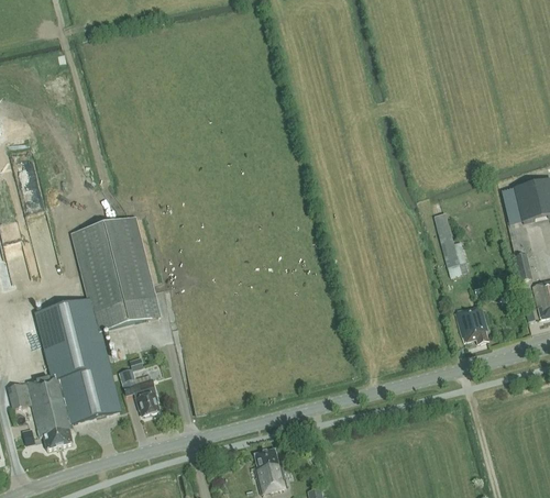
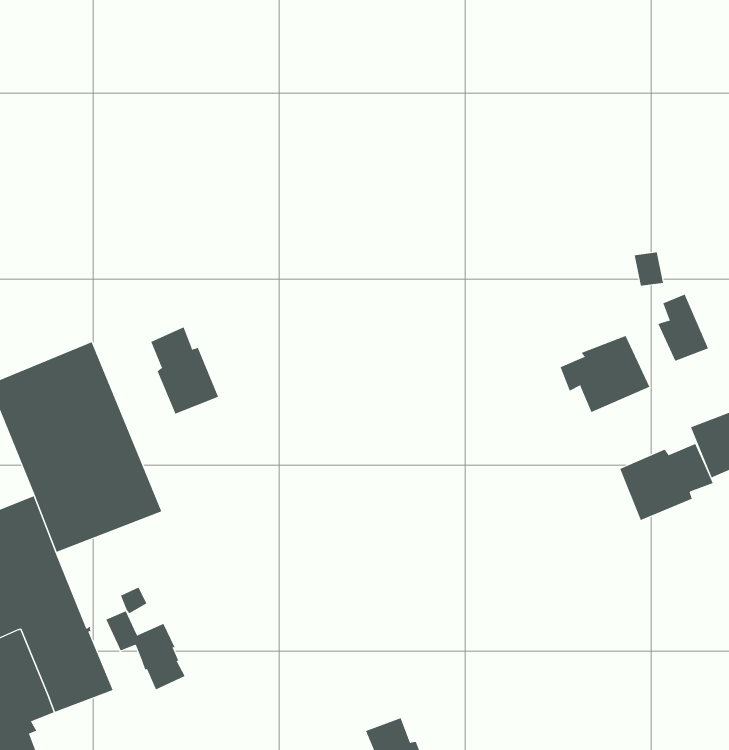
building: none -> [150,326,219,415]
building: none -> [560,335,650,413]
building: none -> [619,443,714,521]

